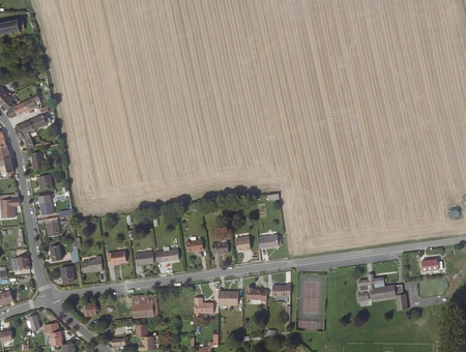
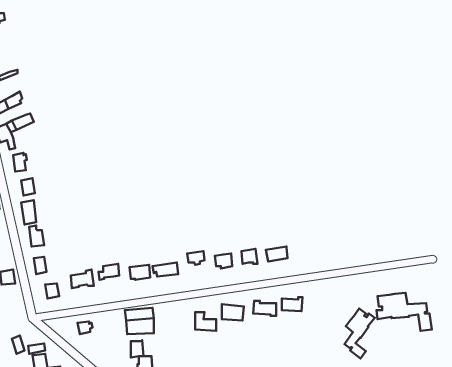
building: none -> [345,309,375,359]

